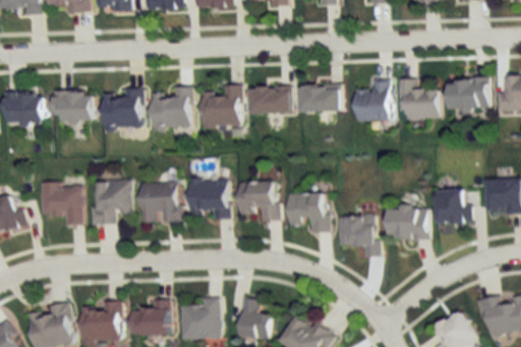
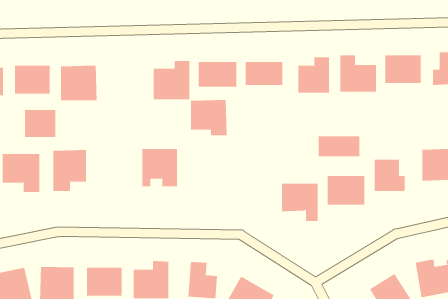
building: [151,88,190,129] -> none
building: none -> [25,109,56,138]
building: none -> [318,136,360,157]
building: [237,182,277,221] -> [190,100,227,136]
building: [139,183,178,224] -> none
building: [287,194,328,233] -> none

